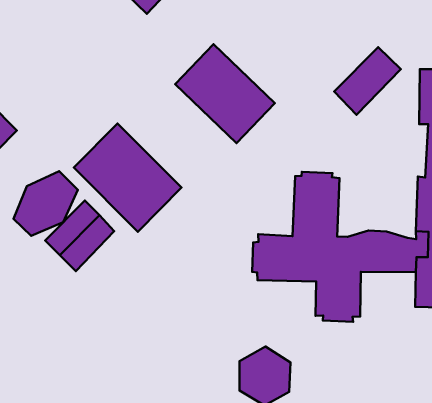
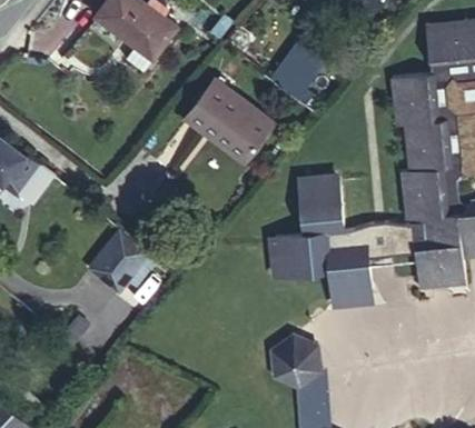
building: [334,47,401,115] -> [274,38,329,99]
building: [74,124,182,232] -> none
building: [13,171,78,236] -> none

